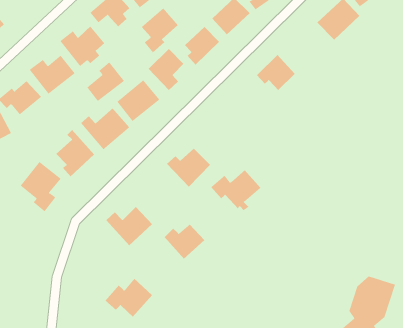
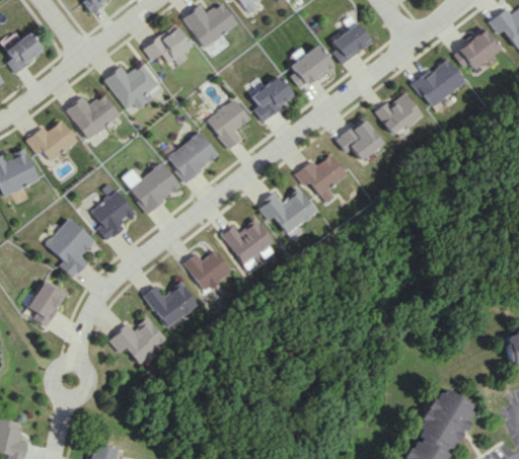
building: [141,7,179,53] -> none
building: none -> [376,92,422,136]
building: [86,61,125,102] -> none
building: none -> [294,154,346,204]
building: [211,170,261,211] -> [255,188,315,237]
building: none -> [25,280,65,327]
building: [164,224,205,259] -> [181,250,230,292]
building: [105,278,153,317] -> [107,317,165,364]

